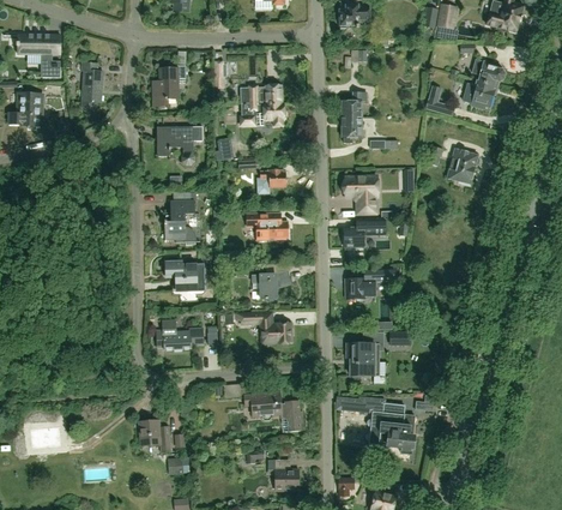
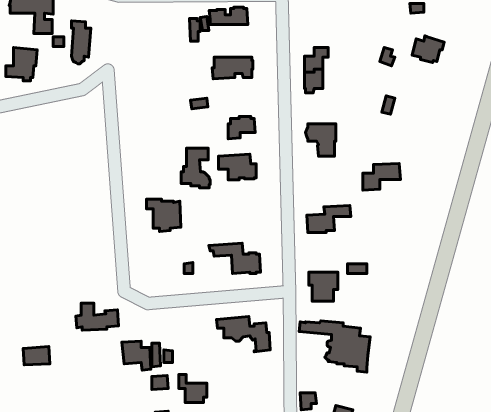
building: [471,59,504,85] -> none
building: [152,65,186,107] -> none
building: [240,84,283,103] -> [209,7,248,25]
building: [157,127,203,167] -> none
building: [447,149,478,186] -> none
building: [164,200,197,245] -> [181,148,210,188]
building: [344,217,386,247] -> [363,163,400,190]
building: [252,265,289,299] -> none
building: [156,319,204,349] -> [76,303,119,330]
building: [267,460,298,491] -> [179,375,207,403]

